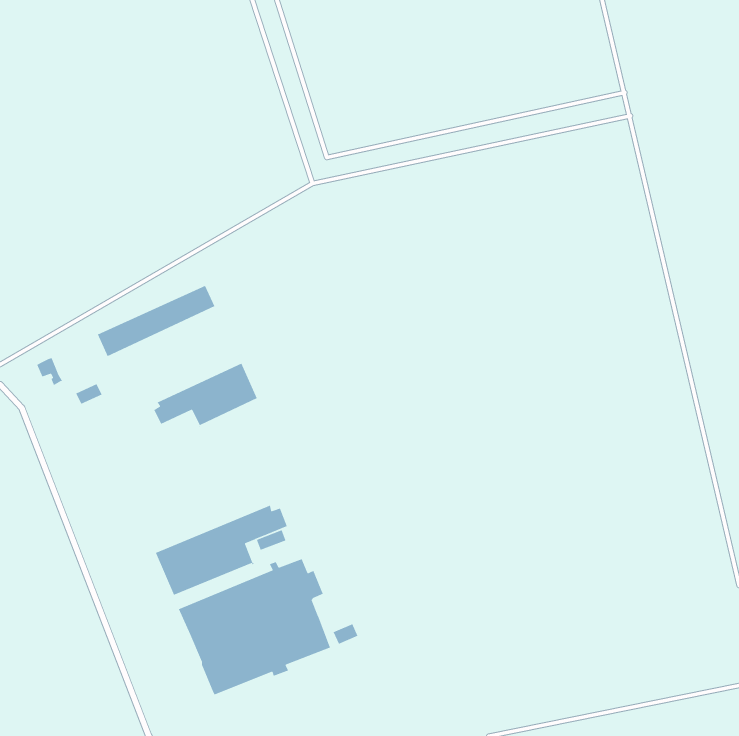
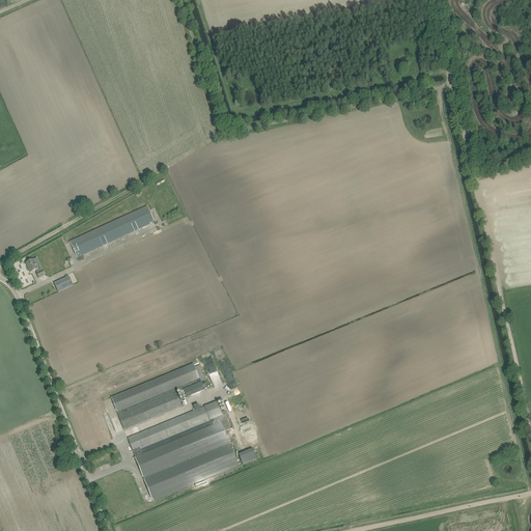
building: [153,362,258,427] -> none

